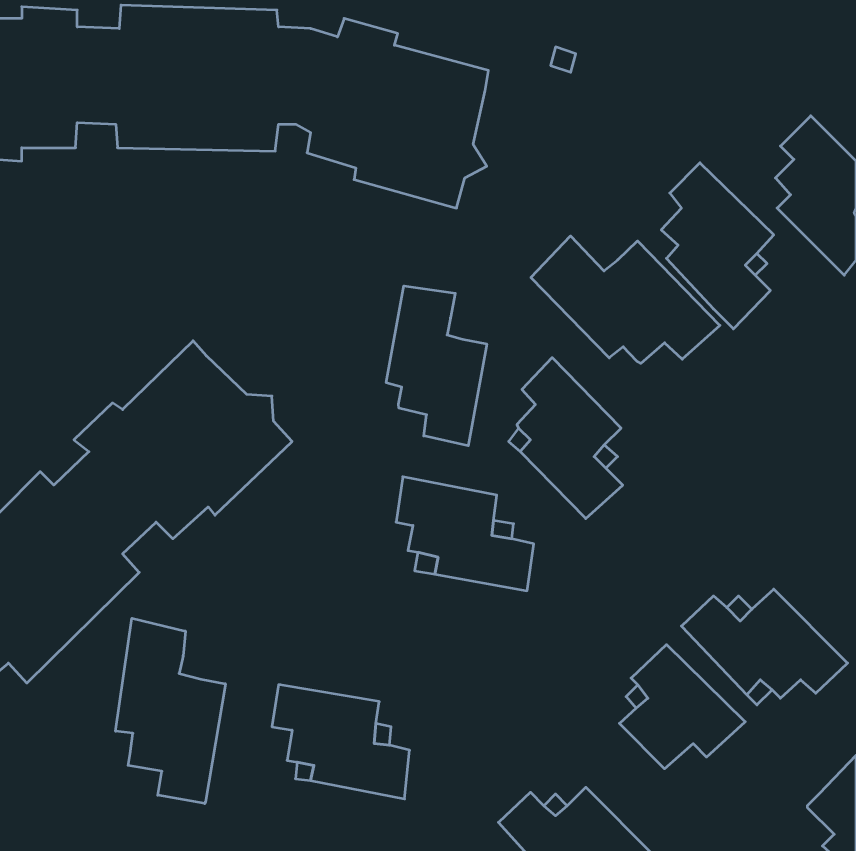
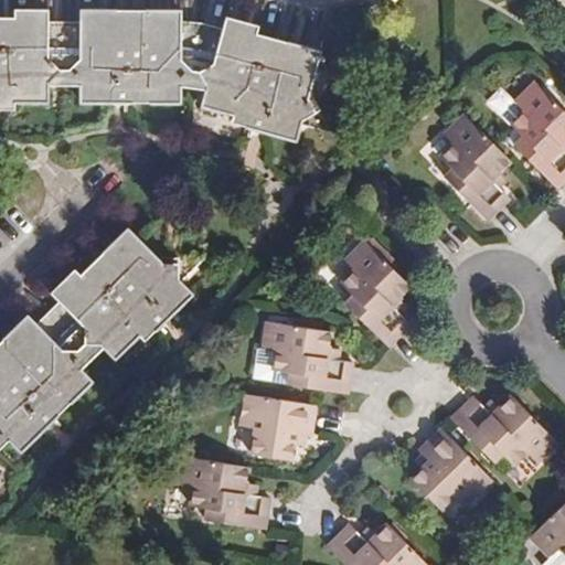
building: [531,236,720,363] -> none
building: [386,286,487,446] -> none
building: none -> [242,392,318,458]
building: [116,618,225,804] -> none

